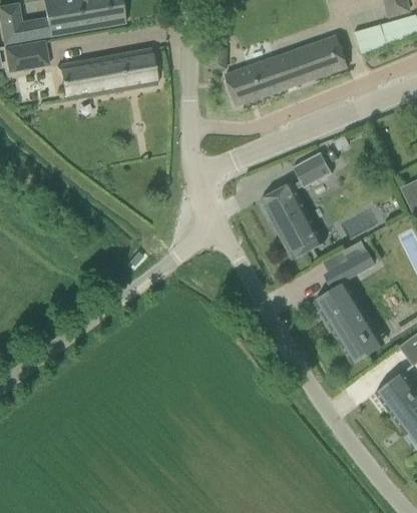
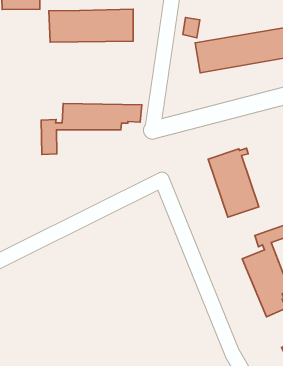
building: none -> [41,104,142,154]
building: [292,152,332,188] -> none

